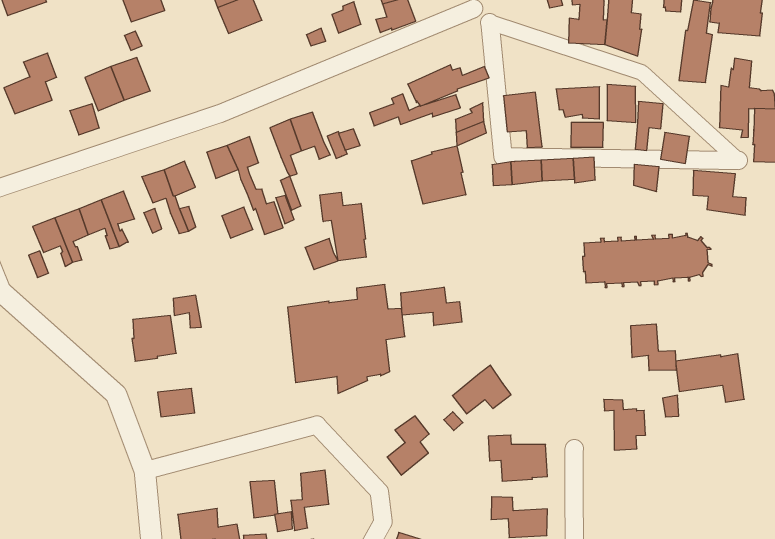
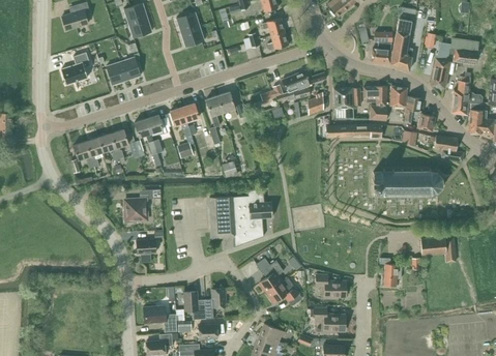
building: [411,146,466,204] -> none
building: [320,192,366,261] -> none
building: [401,287,462,326] -> none
building: [631,324,676,371] -> none
building: [452,365,511,414] -> [266,277,298,303]

